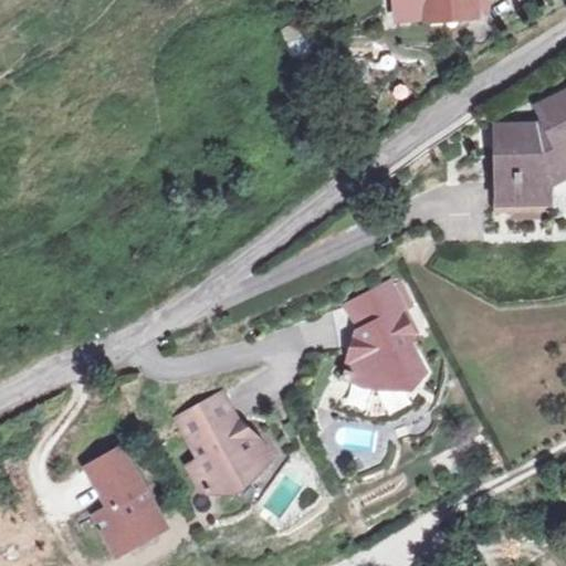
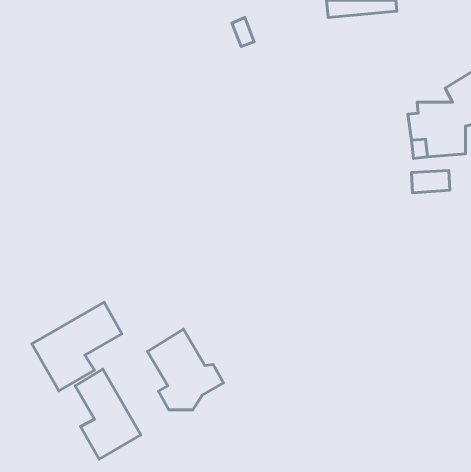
building: [340,283,422,386] -> none
building: none -> [32,302,122,391]

